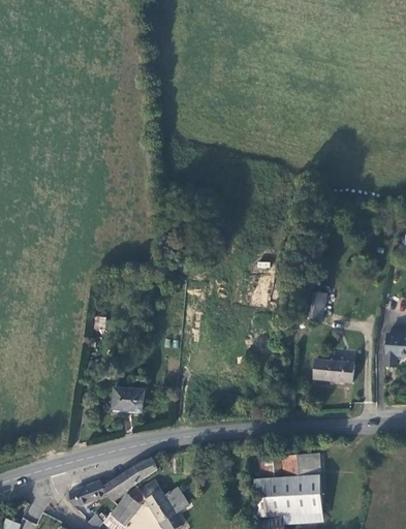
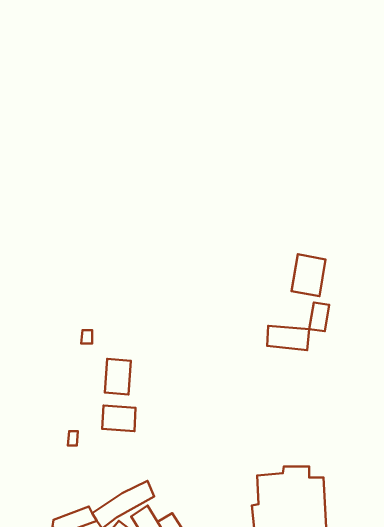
building: none -> [292,254,326,296]
building: none -> [105,359,131,394]
building: [313,361,352,383] -> [267,326,309,350]

